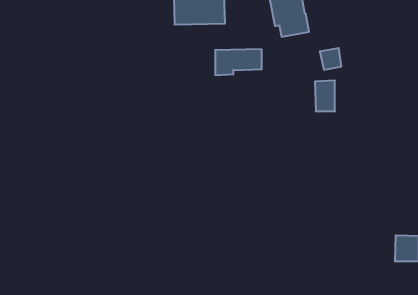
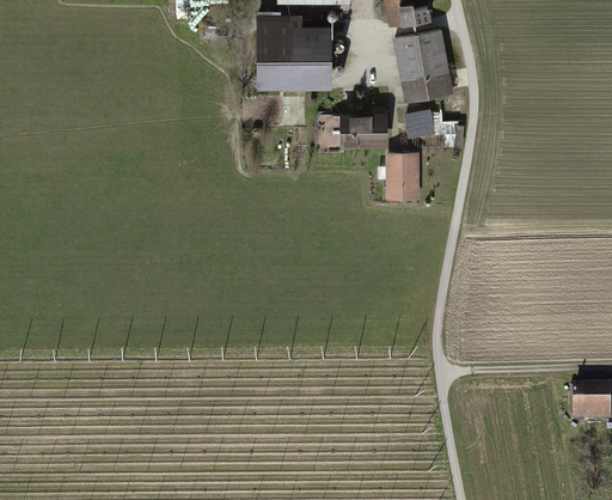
building: [320,48,341,70] -> [403,106,434,138]
building: [315,81,335,111] -> [387,153,416,197]

